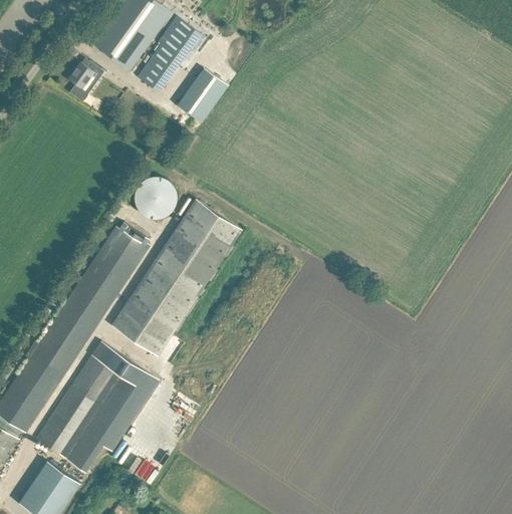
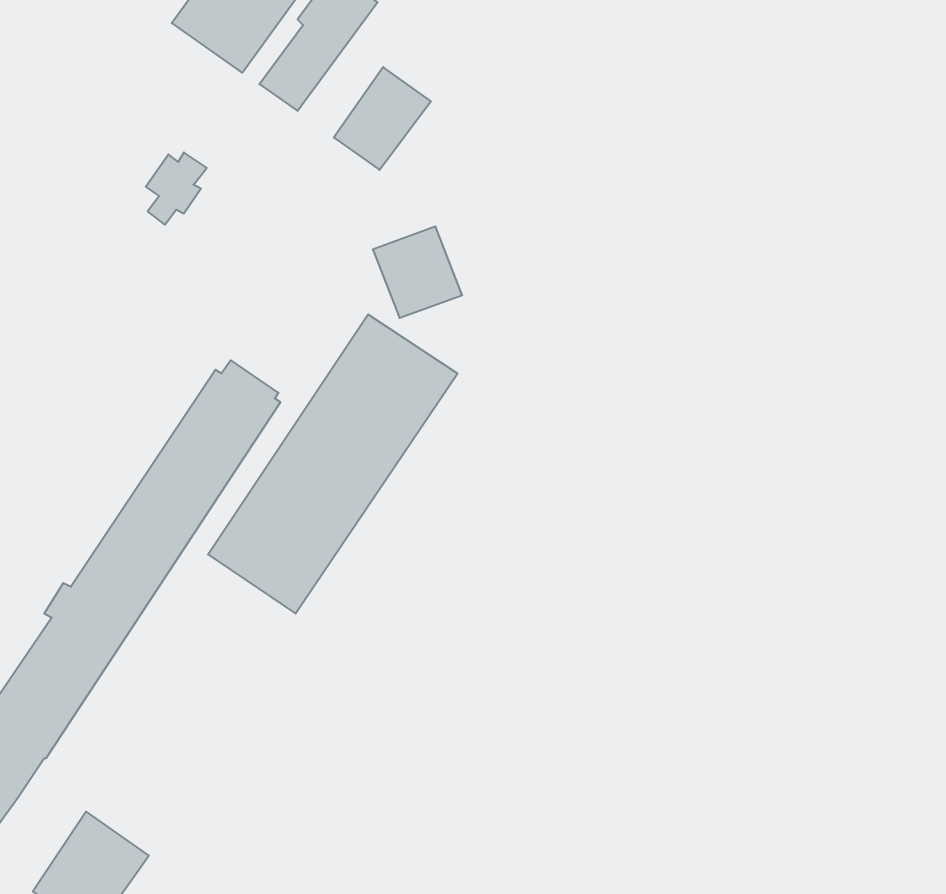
building: [68,61,100,99] -> [146,152,207,225]
building: [132,174,179,222] -> [373,227,462,318]
building: [35,341,159,472] -> none

